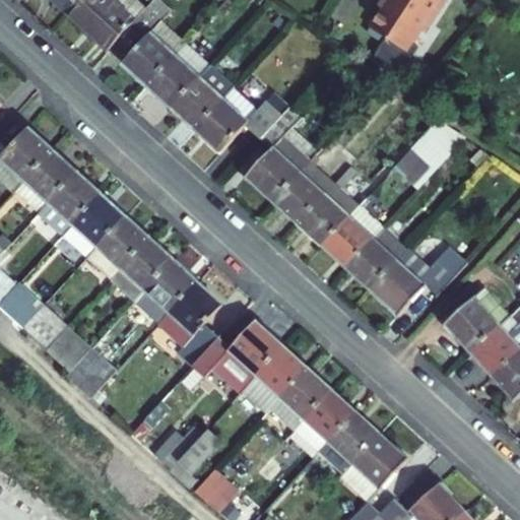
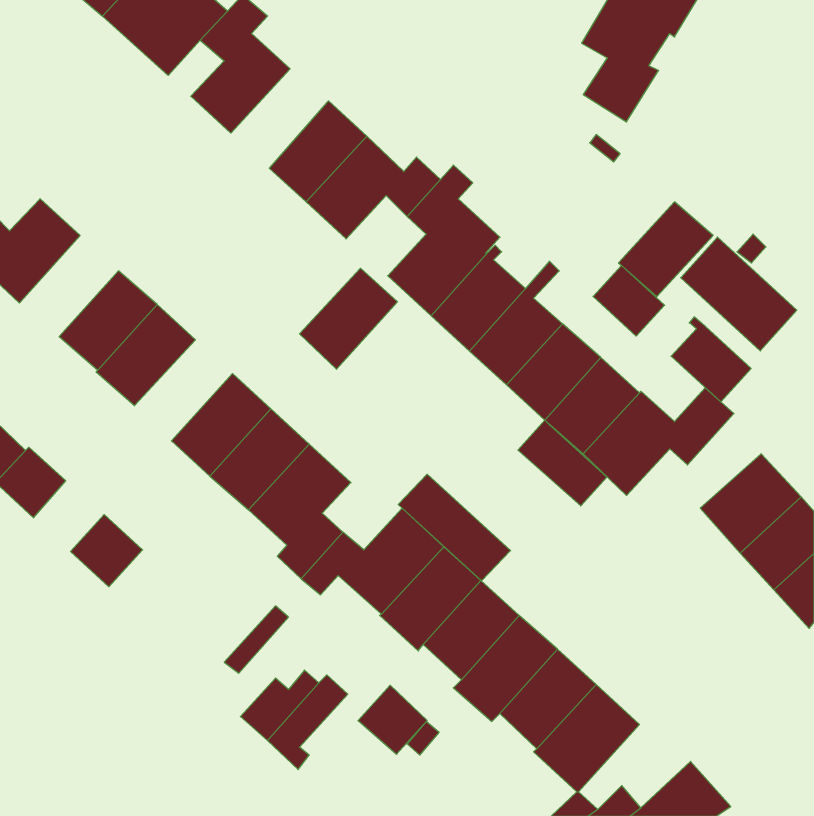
building: [146,44,207,107] -> none
building: [13,149,75,213] -> none
building: none -> [681,237,797,351]
building: none -> [593,266,665,336]
building: none -> [671,317,751,402]
building: [85,215,147,279] -> [300,268,397,369]
building: none -> [518,420,607,506]
building: none -> [398,474,511,581]
building: [21,305,66,349] -> none
building: [66,348,115,398] -> none
building: [193,469,237,513] -> [358,685,427,754]

